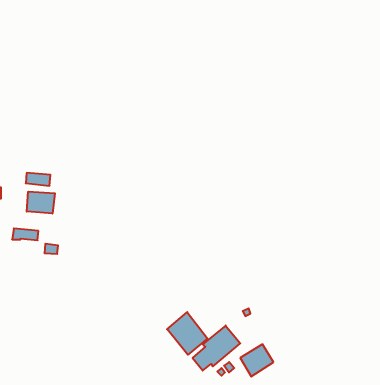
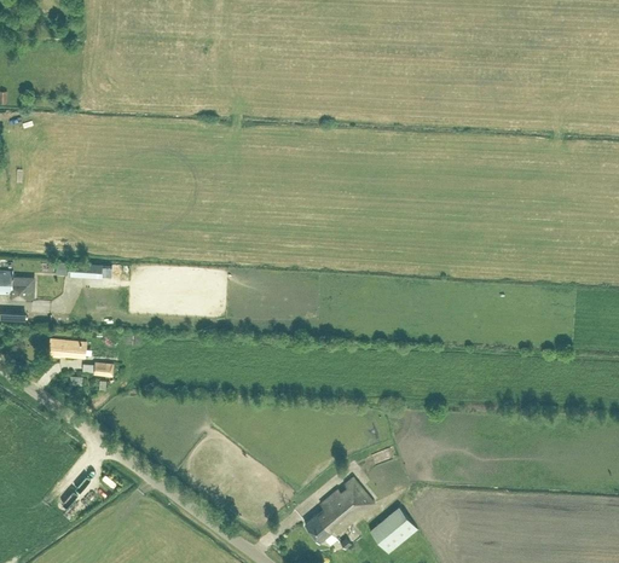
building: [27,192,55,214] -> none
building: [167,312,208,355] -> none

